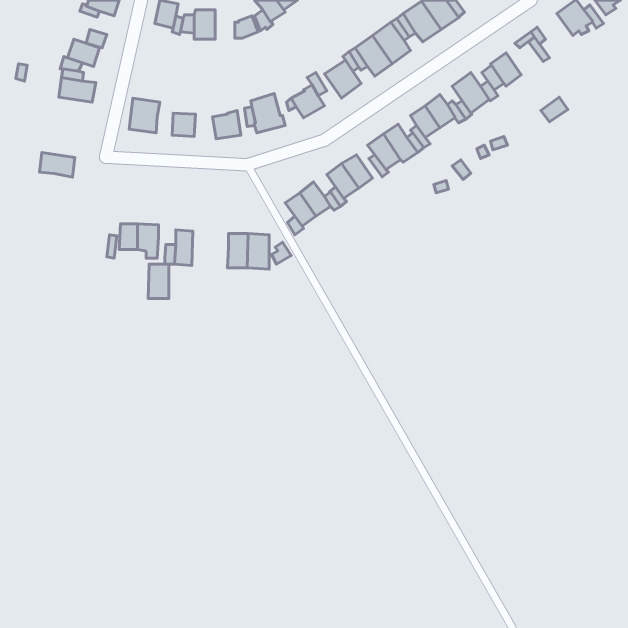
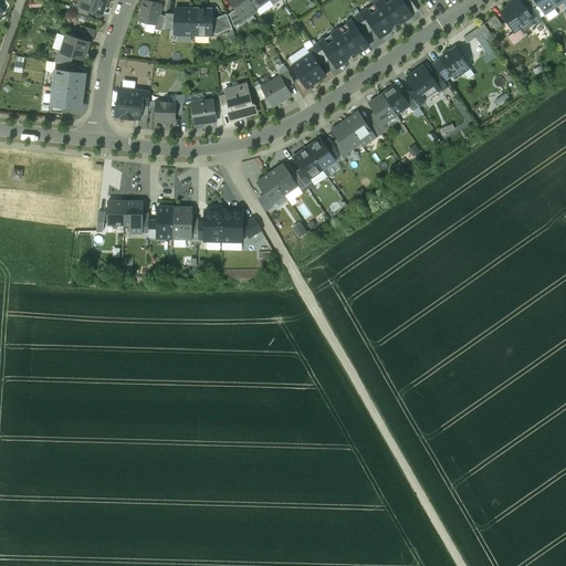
building: none -> [193,9,211,35]
building: [39,153,75,177] -> [51,87,83,109]
building: [148,264,169,299] -> [172,208,191,239]

